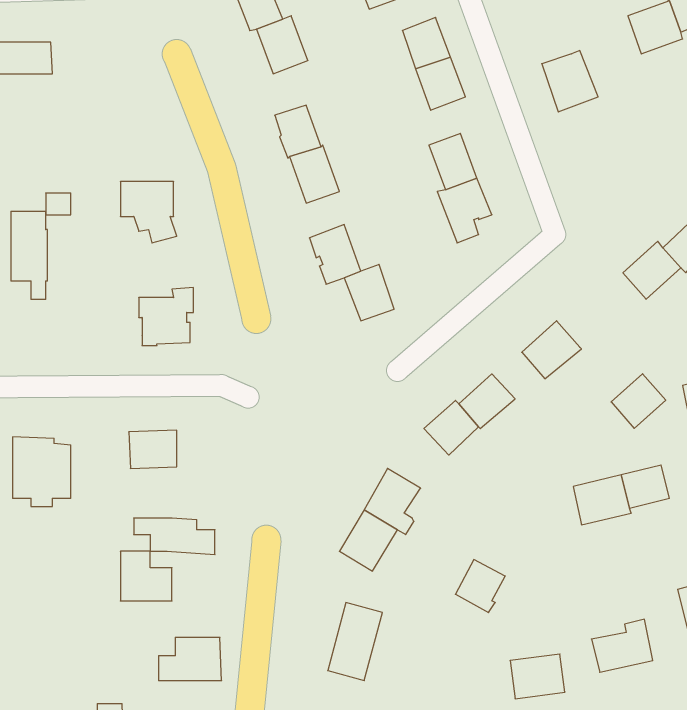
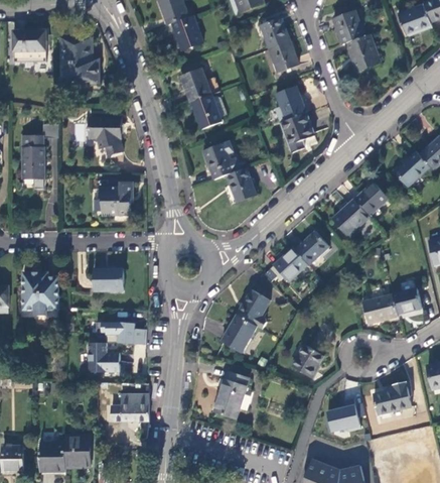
building: none -> [331,13,362,46]
building: none -> [59,37,97,82]
building: [611,374,666,428] -> [353,184,387,217]

